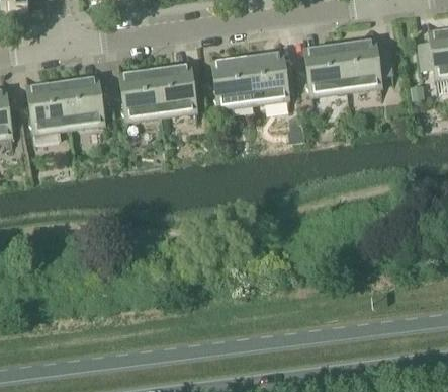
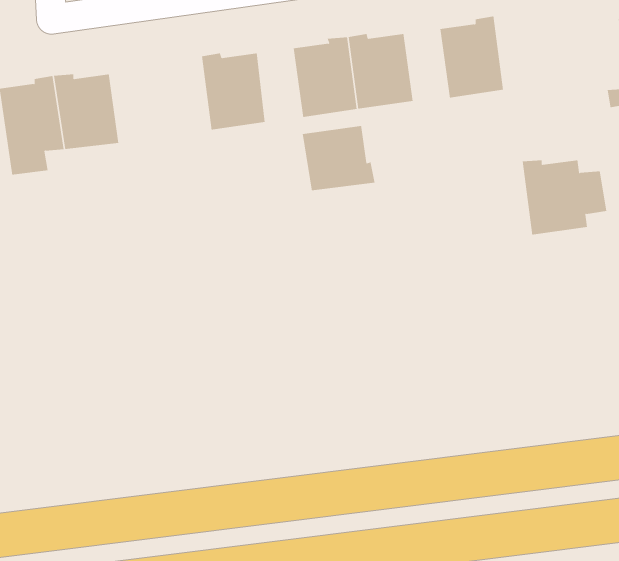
building: [339,41,392,88] -> [522,160,607,235]
building: [120,67,161,117] -> none
building: none -> [302,125,375,191]

